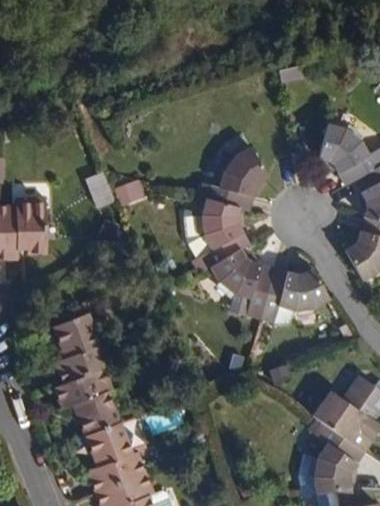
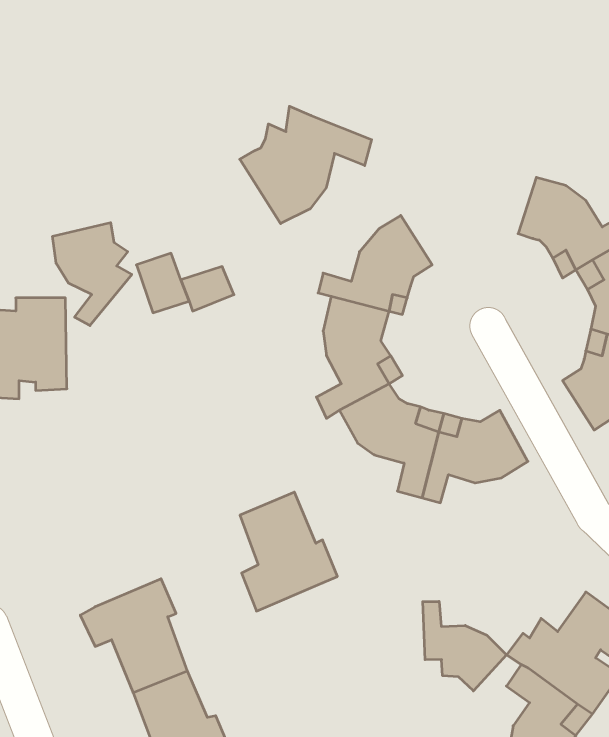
building: none -> [240,106,372,224]
building: none -> [53,223,132,326]
building: [53,313,112,385] -> [240,492,337,611]
building: none -> [423,601,506,691]

